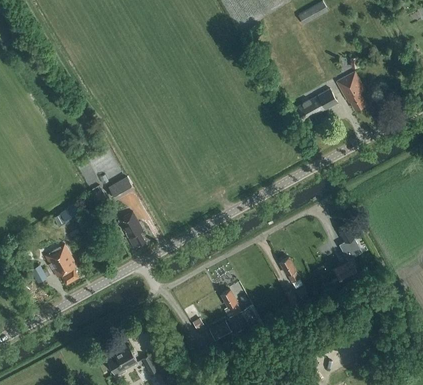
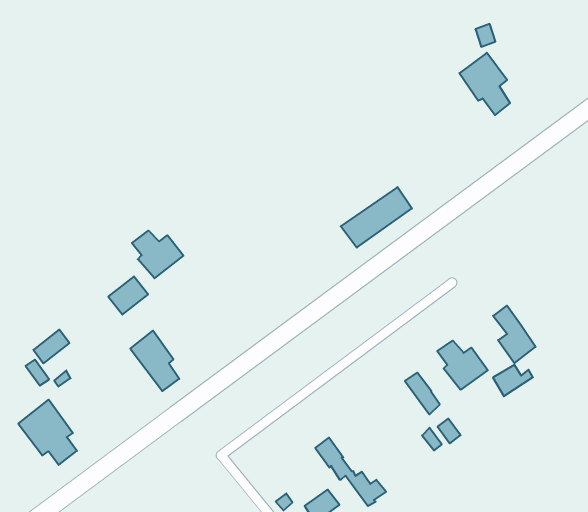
building: [294,88,338,121] -> [341,187,412,248]
building: none -> [132,231,183,278]
building: none -> [437,341,488,390]

